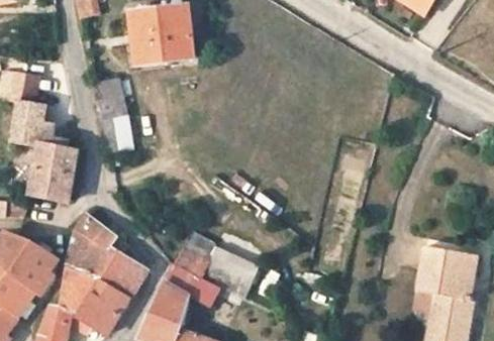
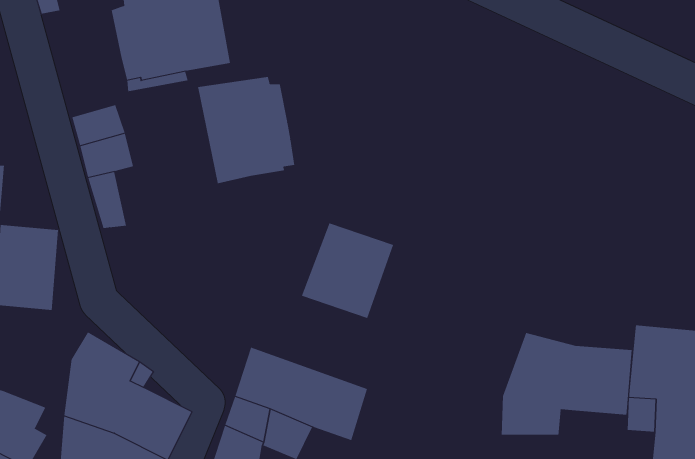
building: none -> [197,76,295,184]
building: none -> [301,222,394,319]
building: none -> [501,332,632,436]

